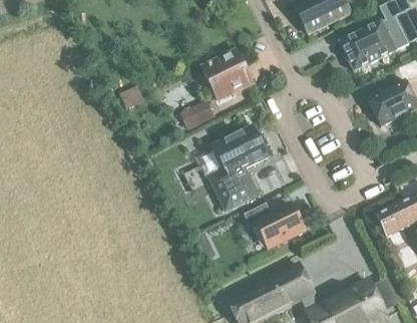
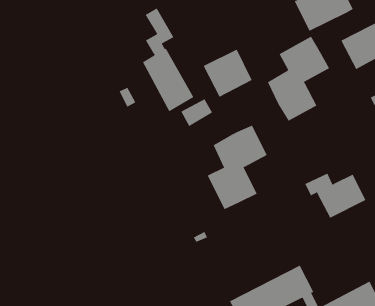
building: none -> [142,7,194,112]
building: none -> [267,36,330,122]
building: [244,202,305,247] -> [305,173,366,218]

